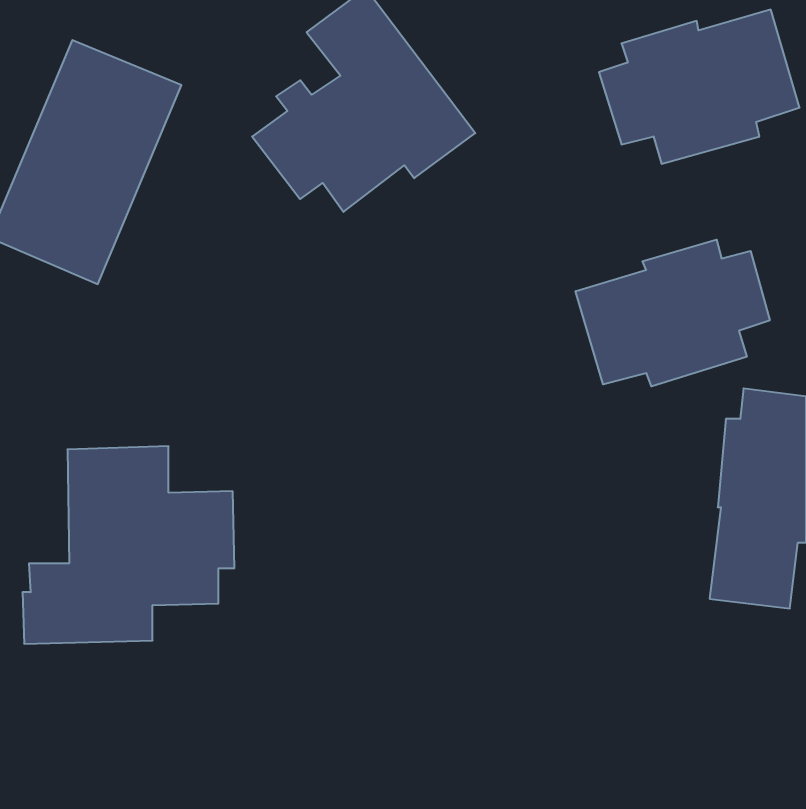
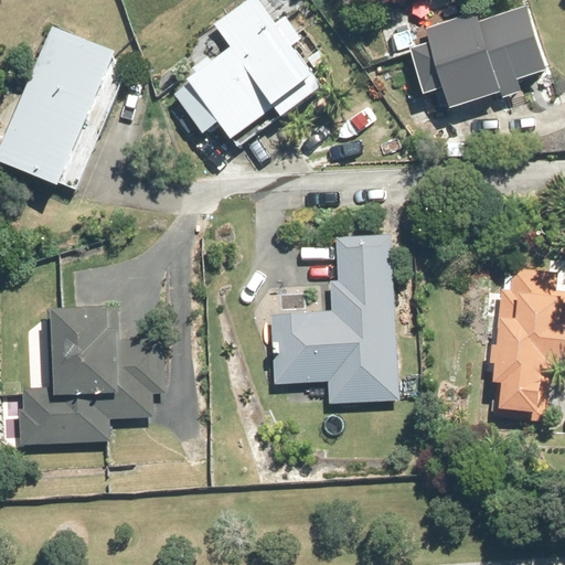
building: [576,240,770,386] -> none
building: none -> [269,234,397,402]

